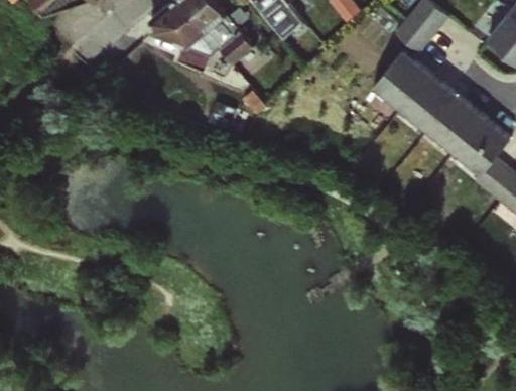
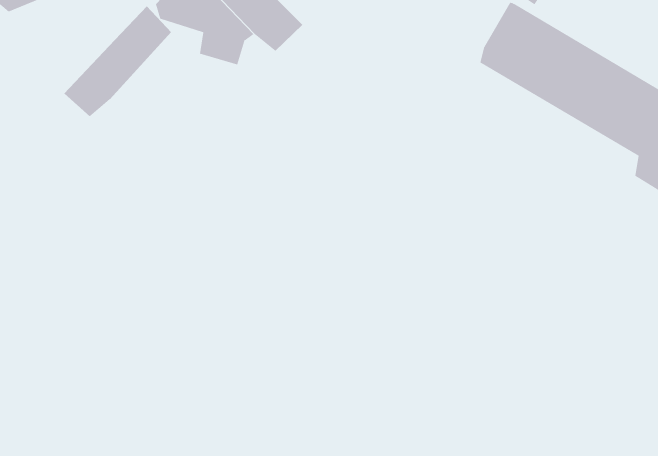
building: none -> [63,6,172,117]

